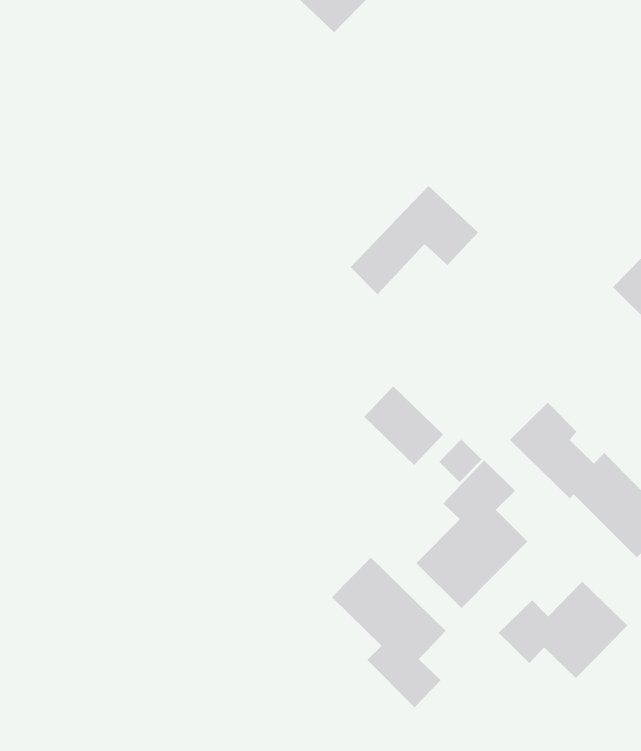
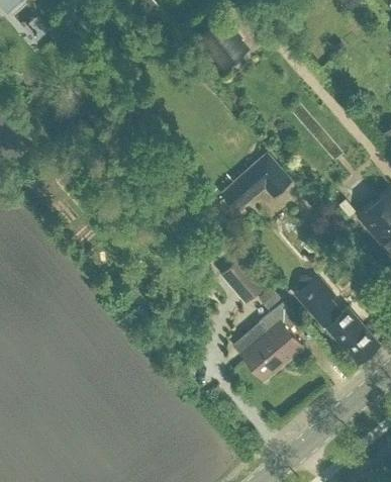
building: [331,557,447,708] -> none
building: [498,581,628,679] -> none

